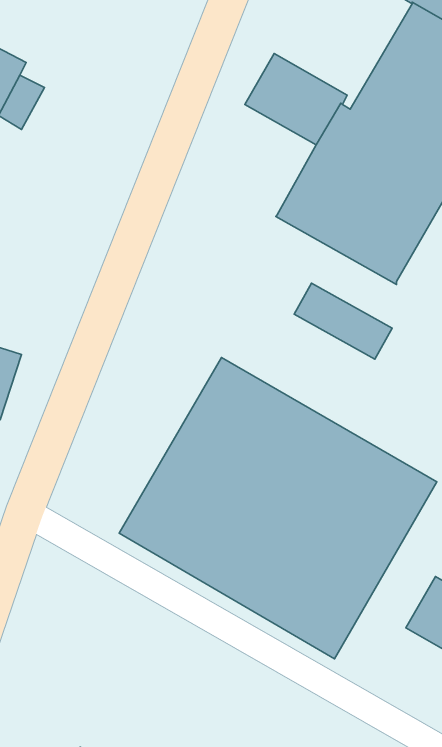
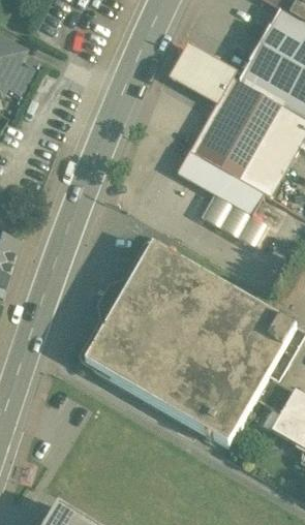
building: none -> [176,151,264,215]

